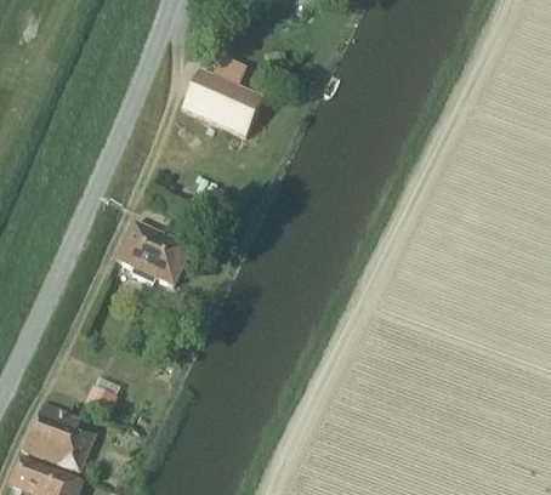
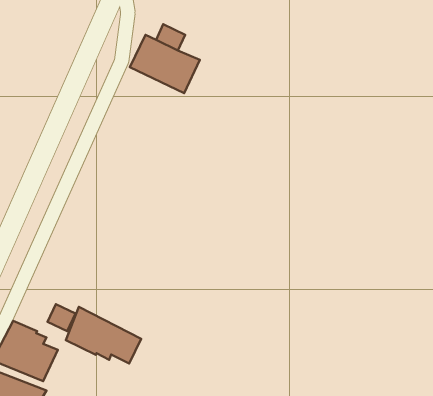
building: [114,220,192,288] -> none
building: none -> [66,307,141,364]

